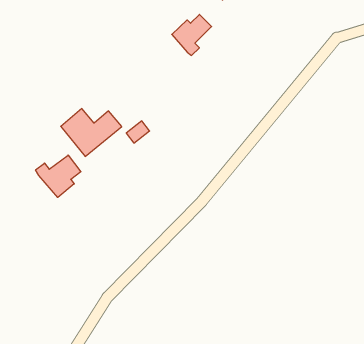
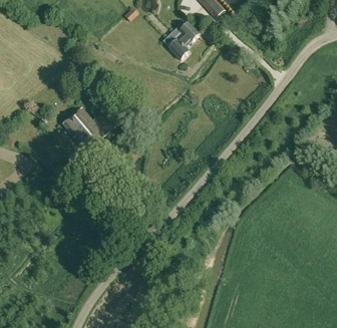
building: [36,155,81,197] -> none

